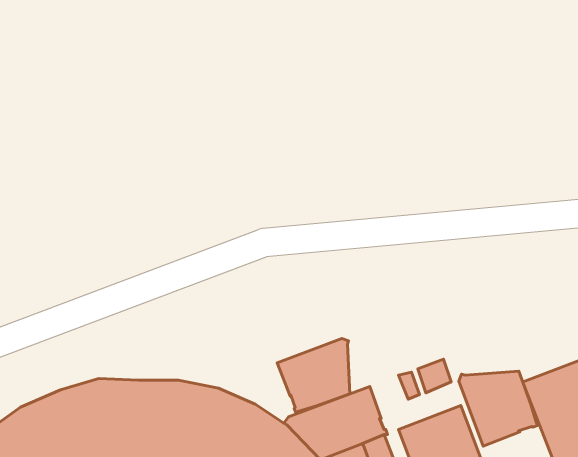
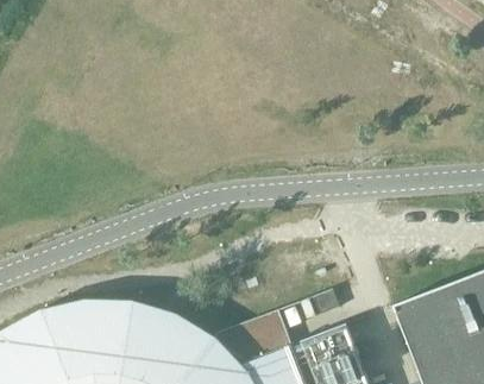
building: [277,339,350,413] -> none
building: [459,371,538,446] -> none

